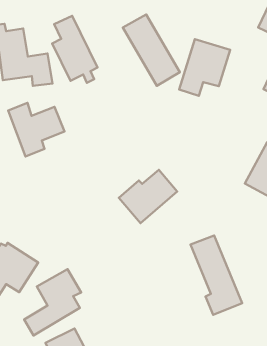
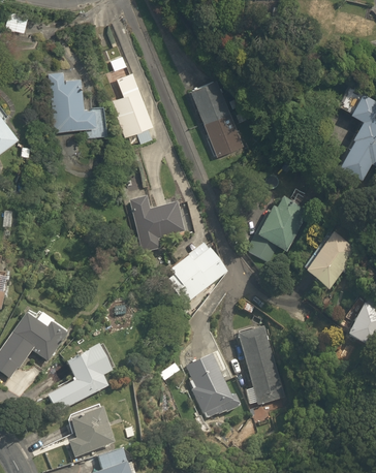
building: [179,39,230,96] -> [247,197,307,259]
building: [8,103,65,157] -> [128,194,187,252]
building: none -> [184,353,236,418]

